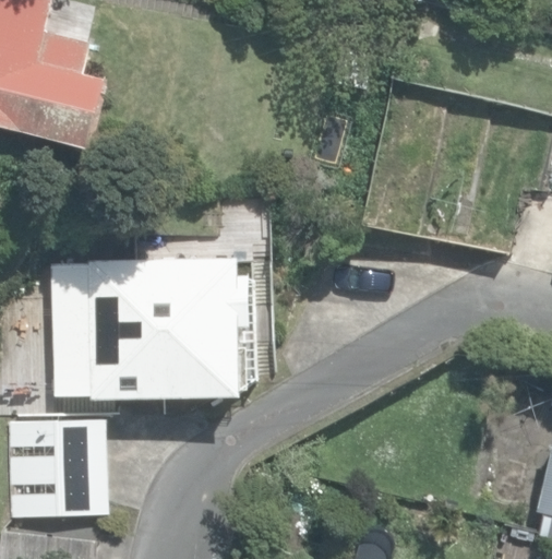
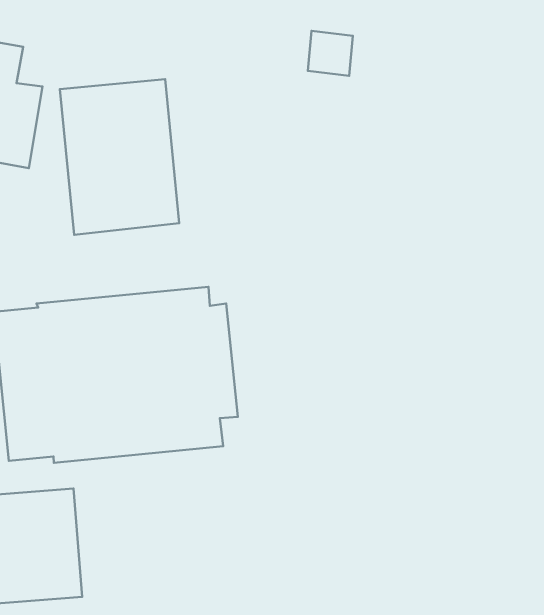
building: none -> [60,79,179,235]

